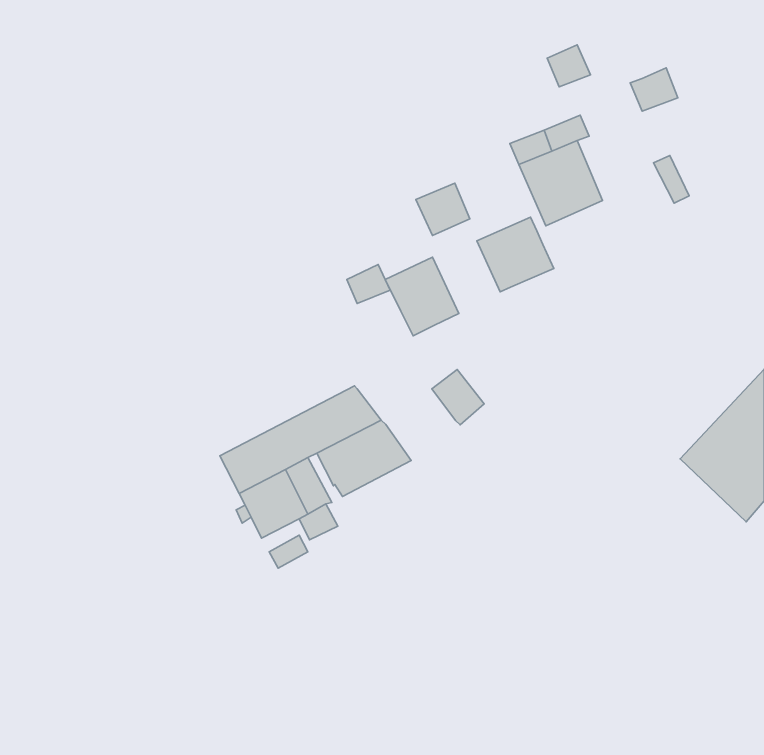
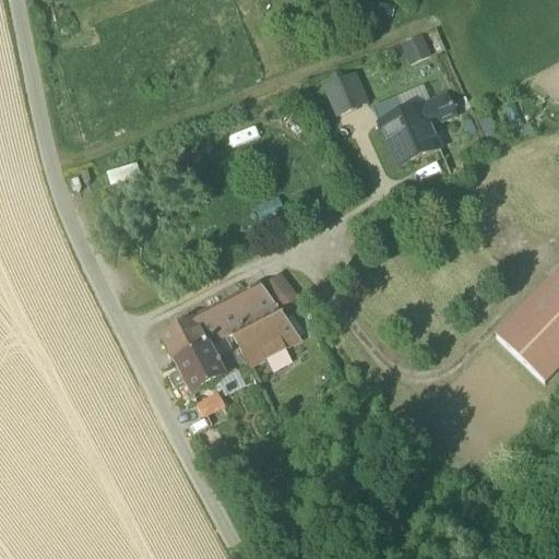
building: [630,68,678,111] -> [421,92,456,123]
building: [416,183,470,235] -> [326,73,366,111]
building: [477,217,554,292] -> none
building: [385,257,459,336] -> none
building: [432,370,484,425] -> [261,270,299,310]

